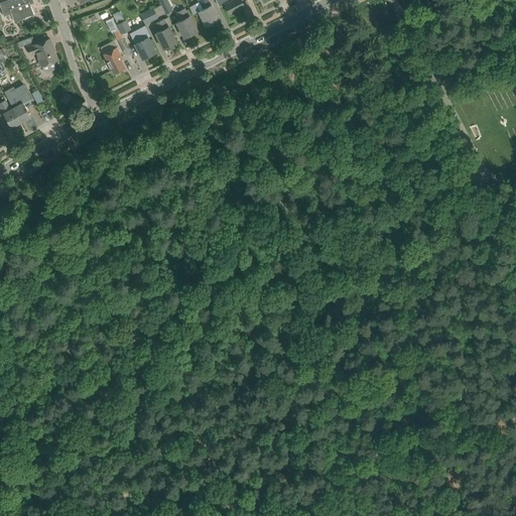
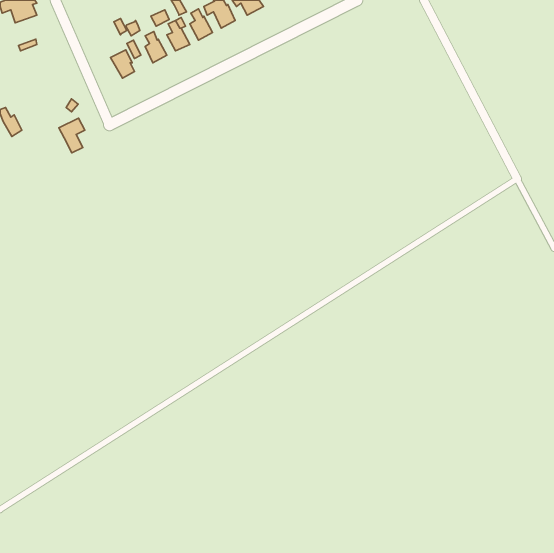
building: [28,39,57,67] -> none
building: [8,90,32,122] -> [59,118,85,153]

